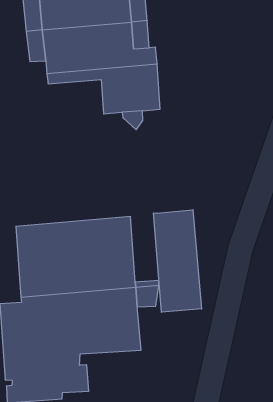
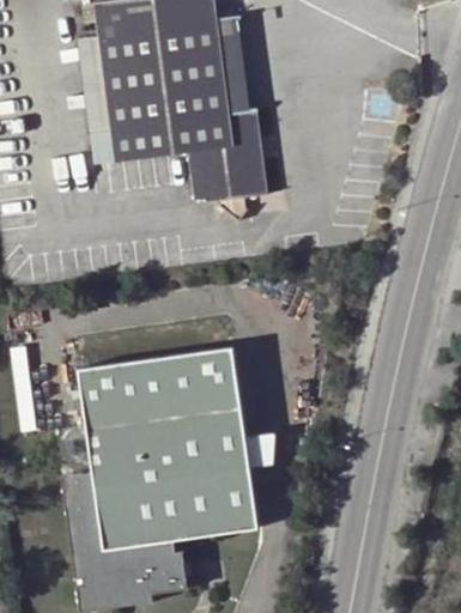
building: [154,210,202,312] -> none

